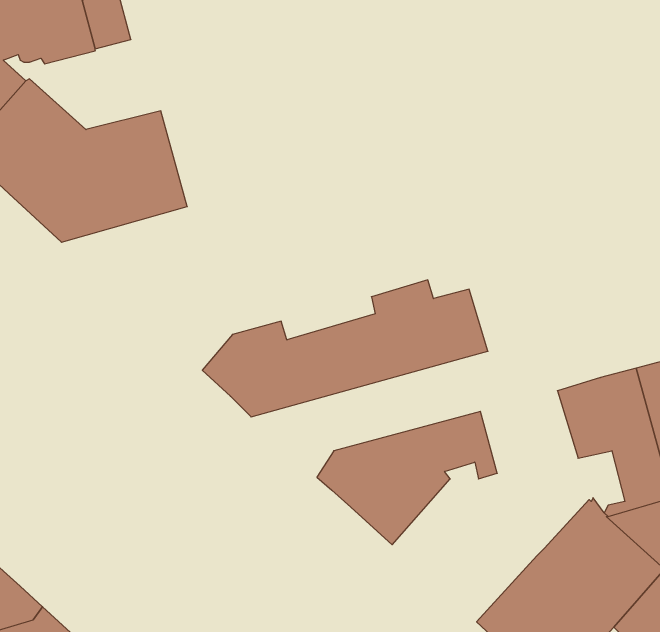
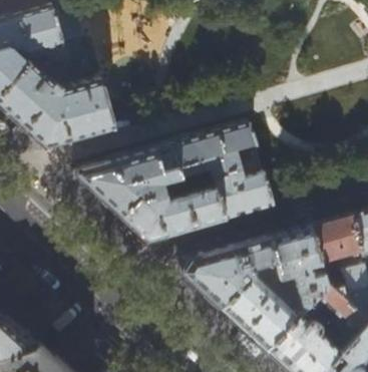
building: none -> [74,121,255,216]
building: none -> [269,227,327,311]
building: none -> [222,274,299,350]

